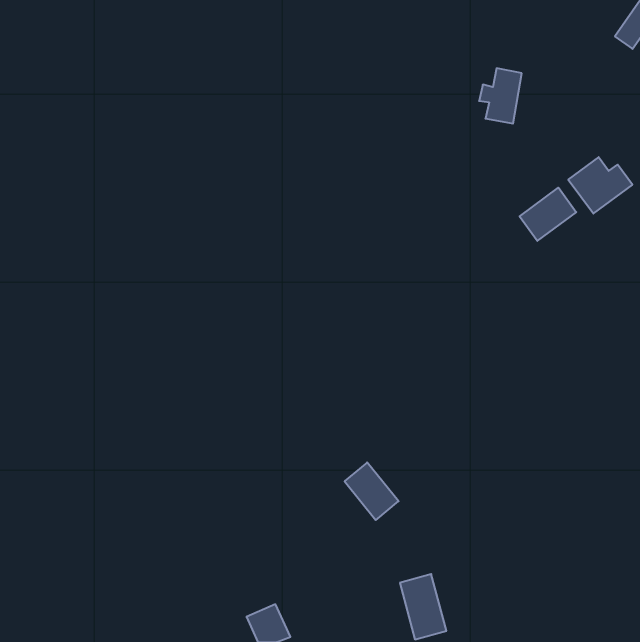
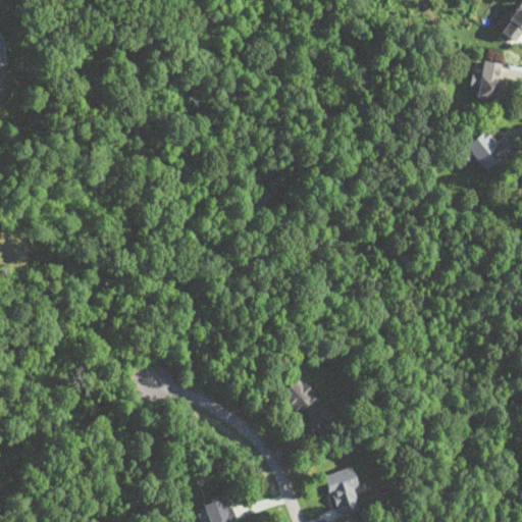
building: [479,68,522,124] -> [471,58,506,103]
building: [520,188,576,241] -> none

